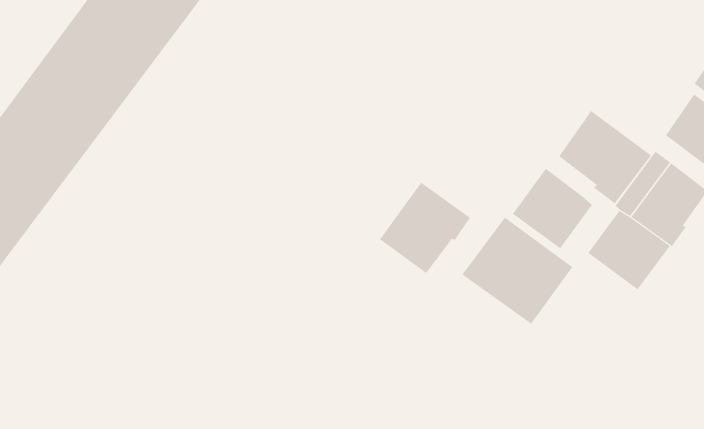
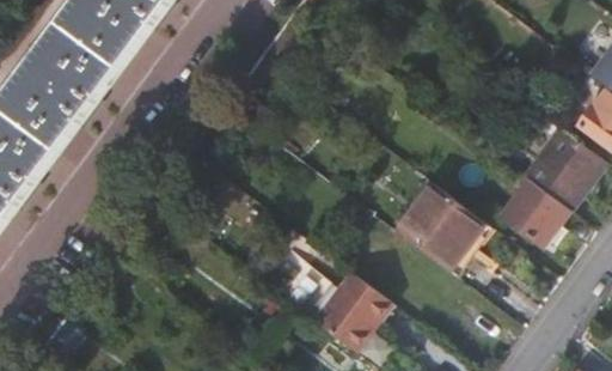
building: [559,110,652,204] -> none
building: [512,168,593,249] -> none
building: [379,182,471,274] -> [312,272,388,348]

